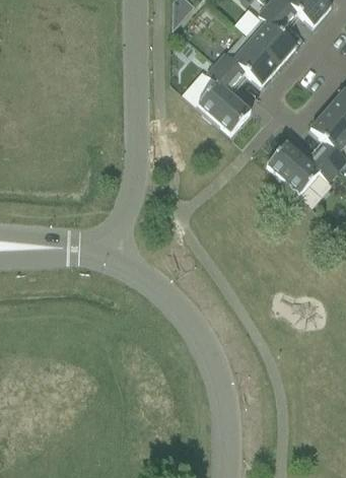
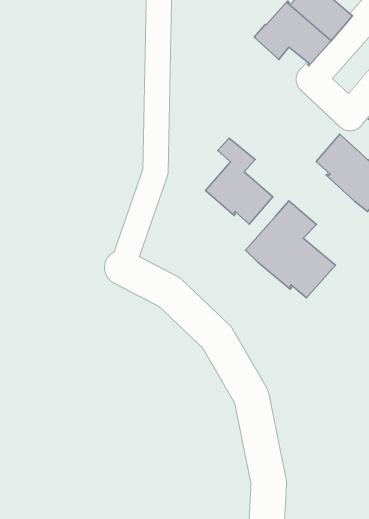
building: [198,61,253,131] -> [205,138,273,224]
building: none -> [245,201,335,298]

